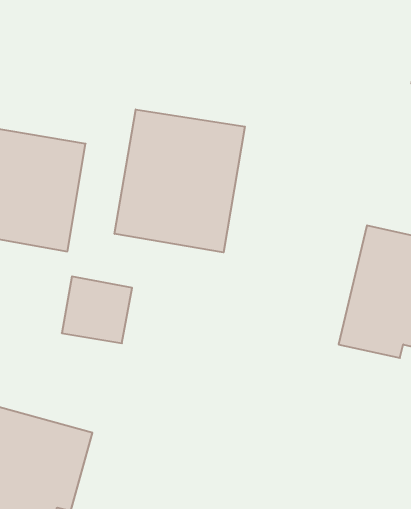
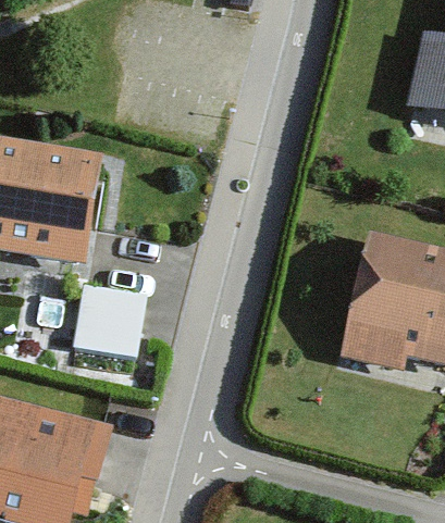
building: [115,109,245,252] -> none

